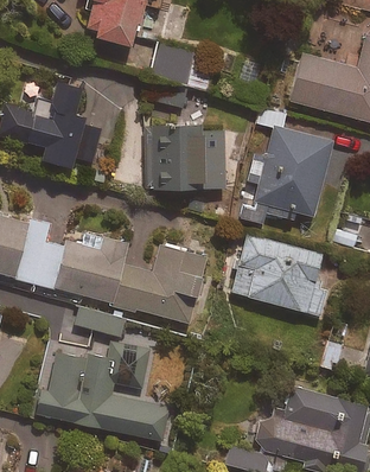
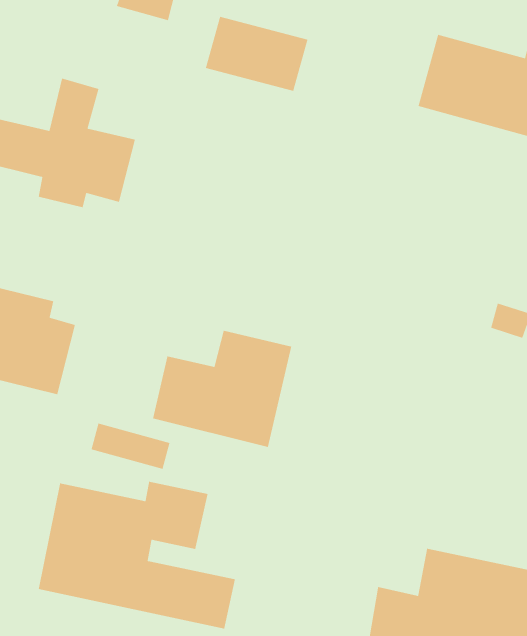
building: [147,127,225,189] -> none
building: [240,127,332,224] -> none
building: [227,235,327,315] -> none
building: [53,237,129,304] -> none

